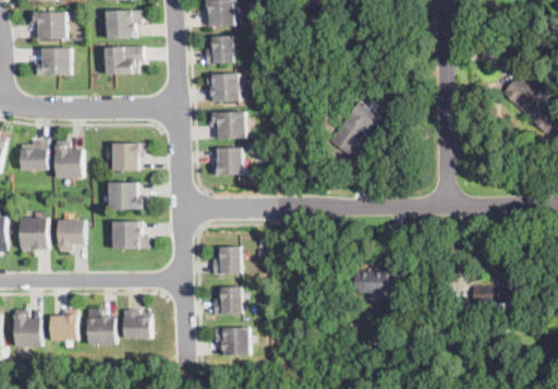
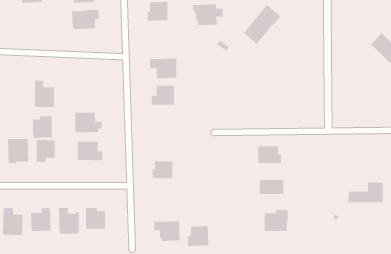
building: [35,49,71,74] -> none
building: [206,73,247,102] -> [192,4,224,26]
building: [328,102,379,157] -> [243,4,282,45]
building: [20,139,47,170] -> [32,115,52,138]
building: [112,143,144,170] -> none
building: none -> [258,146,282,164]
building: [213,287,242,315] -> [187,225,209,247]
building: none -> [264,209,289,232]

